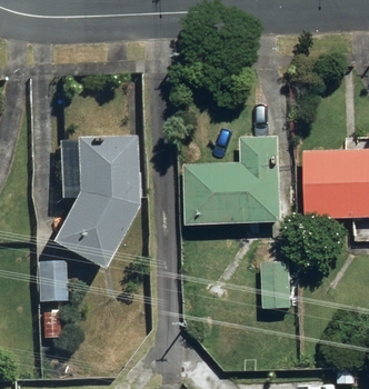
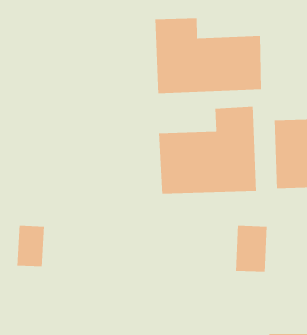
building: none -> [155,18,262,94]
building: [46,136,134,273] -> none

